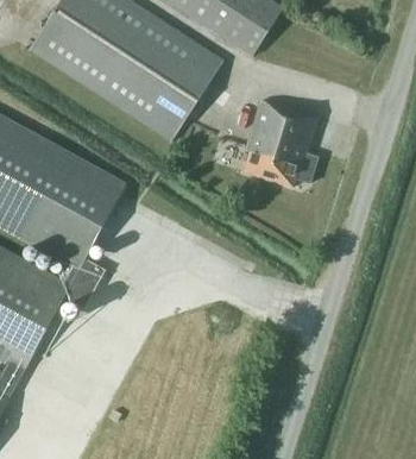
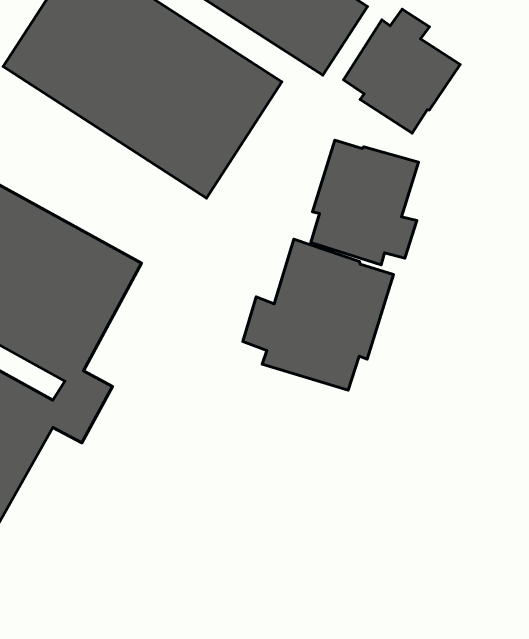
building: none -> [343,9,460,133]
building: none -> [243,239,393,390]

